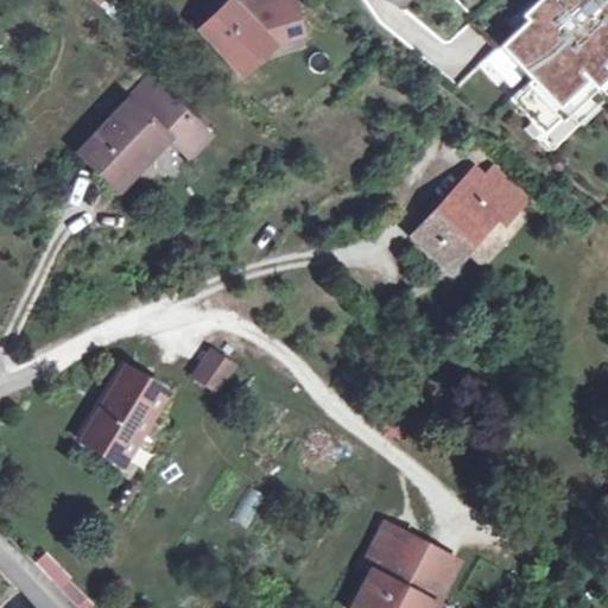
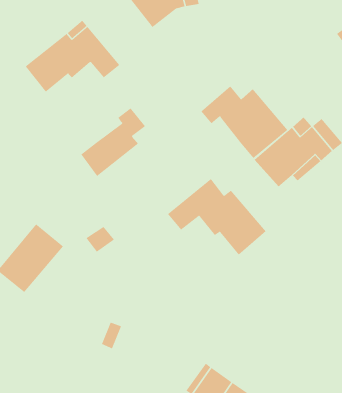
building: none -> [201,86,288,159]
building: none -> [81,107,146,177]
building: none -> [167,178,267,256]

